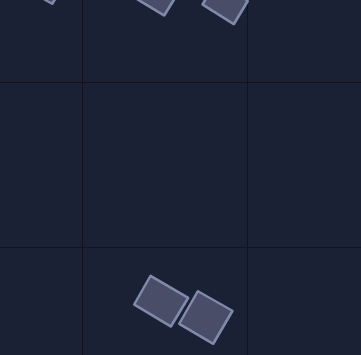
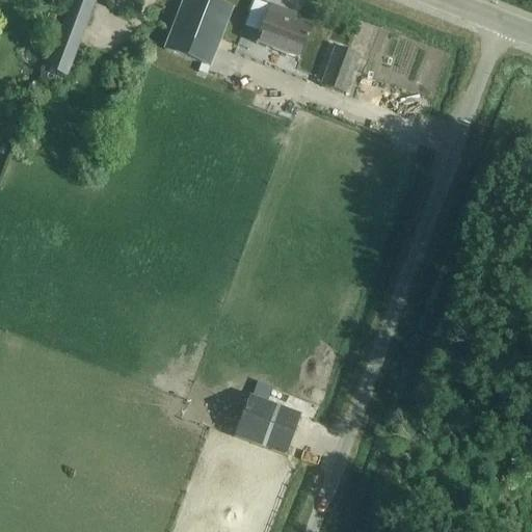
building: none -> [321,43,361,90]
building: [179,291,232,344] -> none

